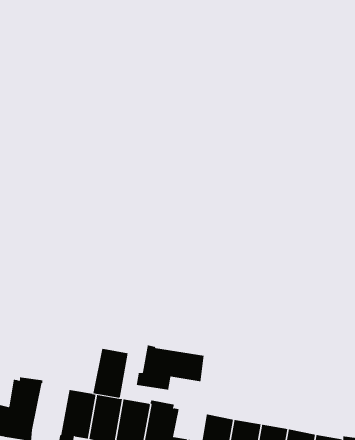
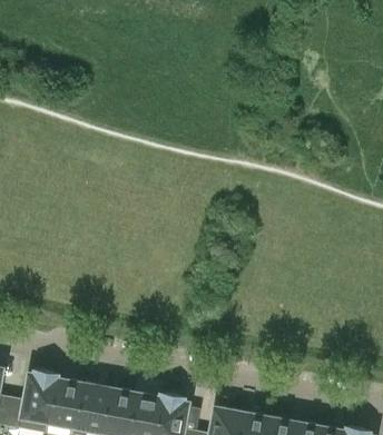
building: [136,345,204,390] -> none
building: [93,347,128,398] -> [47,377,81,426]

